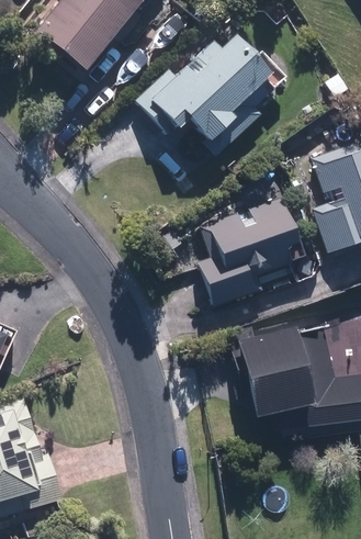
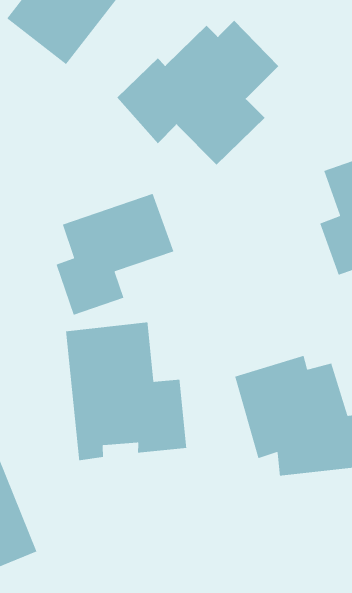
building: [195,195,300,303] -> [56,193,174,316]
building: none -> [65,321,187,461]

